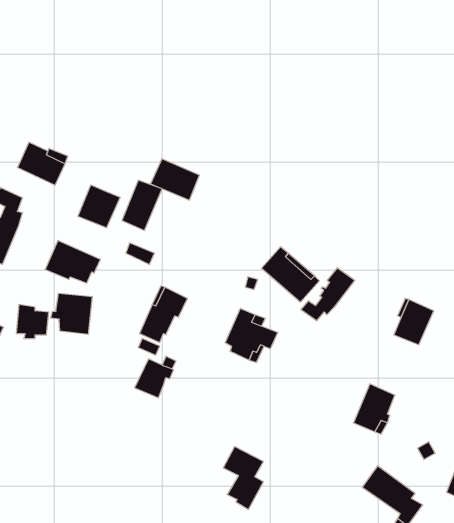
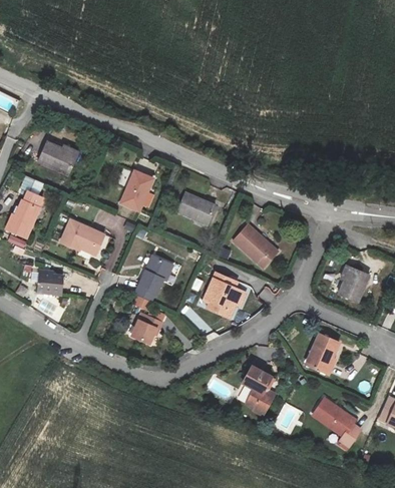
building: [150,159,199,200] -> [176,191,216,224]
building: [78,185,120,228] -> none
building: [301,268,355,321] -> none
building: [51,293,92,334] -> none
building: [223,447,264,509] -> [243,365,275,415]

